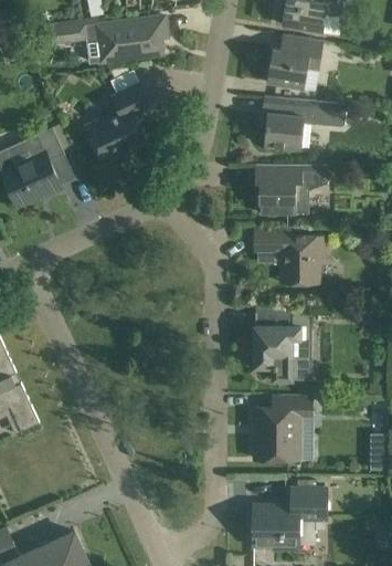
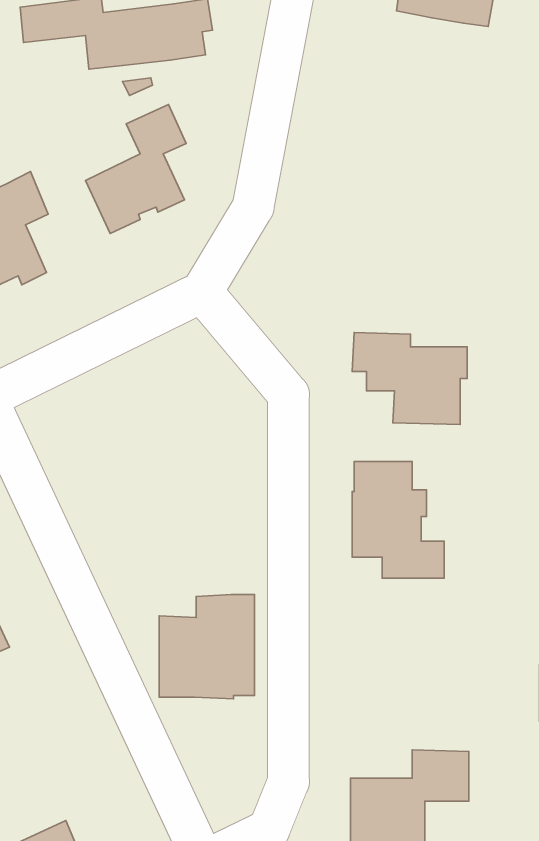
building: [265,35,322,90] -> none
building: [262,97,345,149] -> none
building: [254,165,327,213] -> none
building: [253,395,312,460] -> [159,595,255,699]

